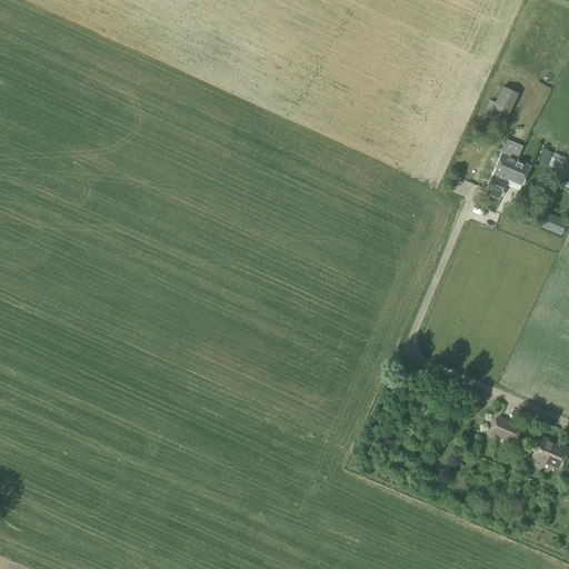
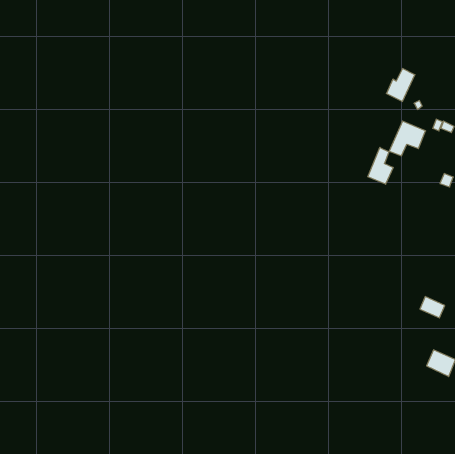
building: none -> [368,147,393,184]
building: [490,416,521,442] -> [420,297,445,318]

